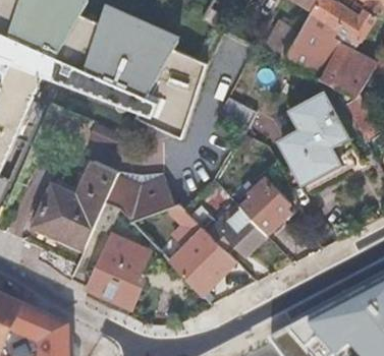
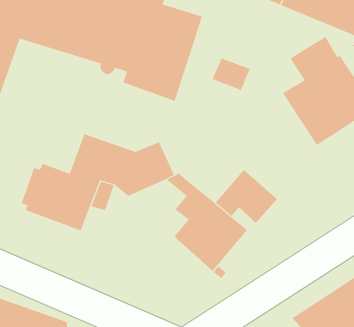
building: [237,176,290,234] -> none
building: [87,234,147,304] -> none

